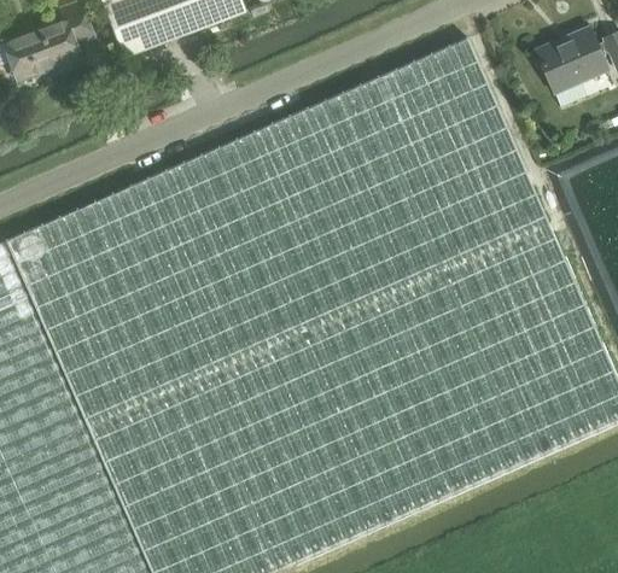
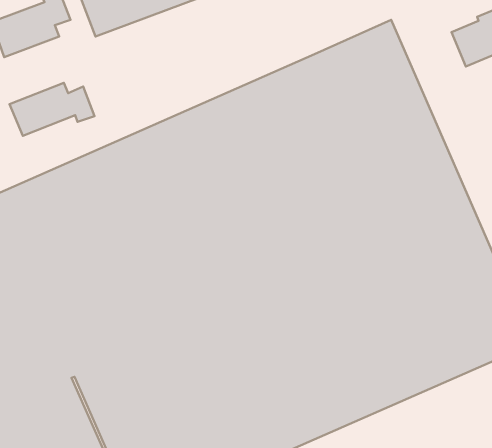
building: none -> [9,83,95,136]

